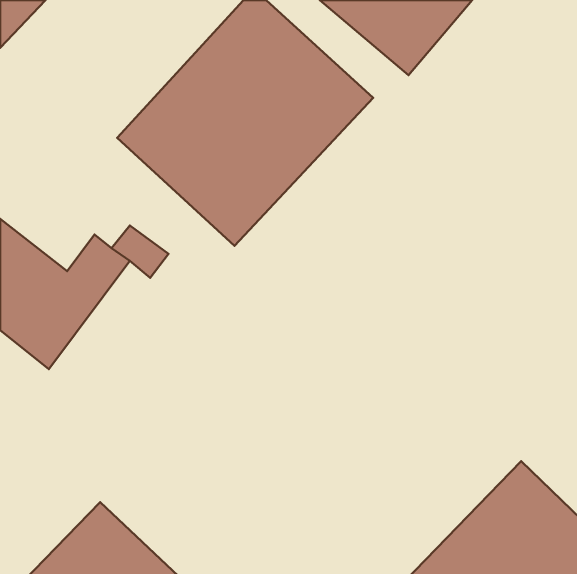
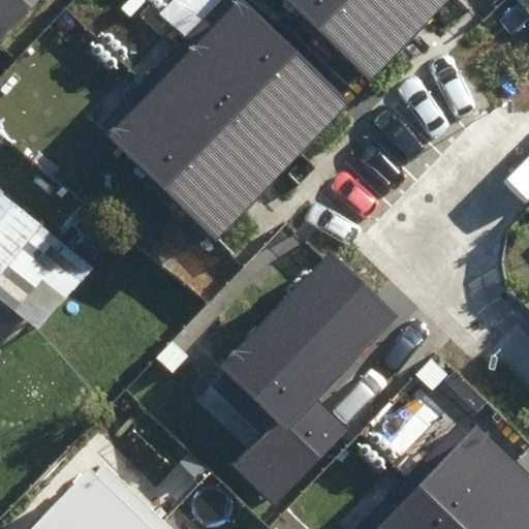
building: none -> [218,247,401,503]

